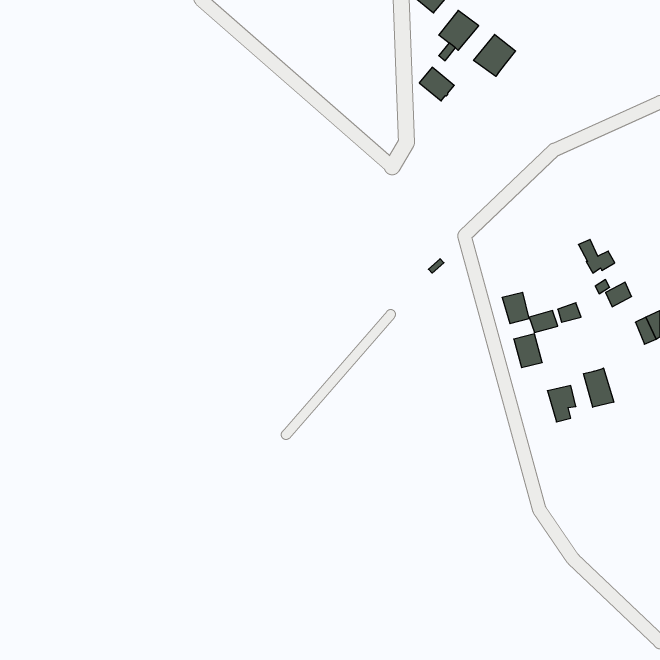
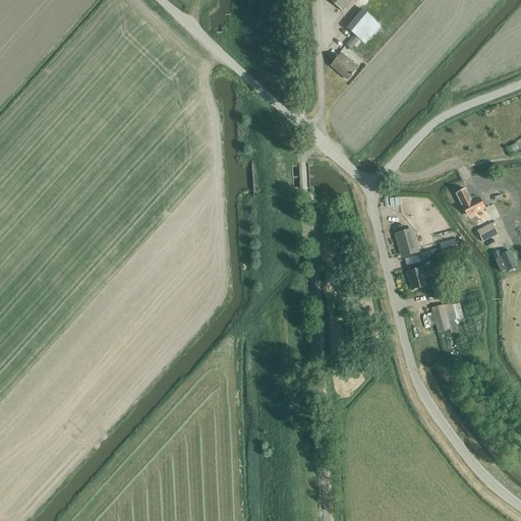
building: [474,34,516,76] -> none
building: [584,368,614,407] -> none

